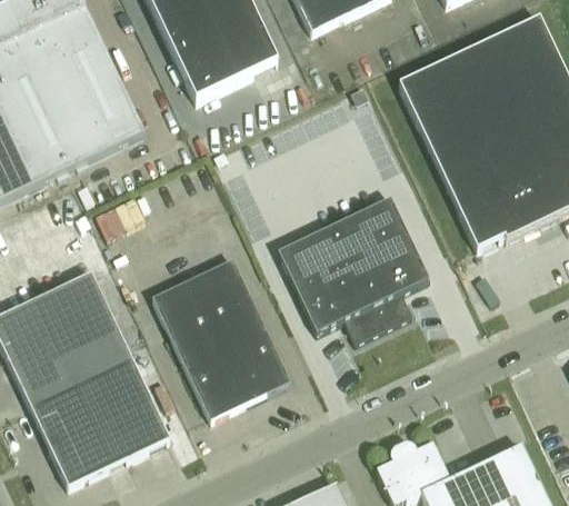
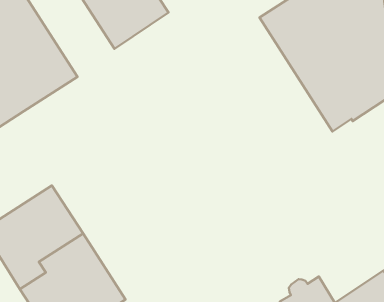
building: [277,196,428,340] -> none
building: [152,258,290,418] -> none

